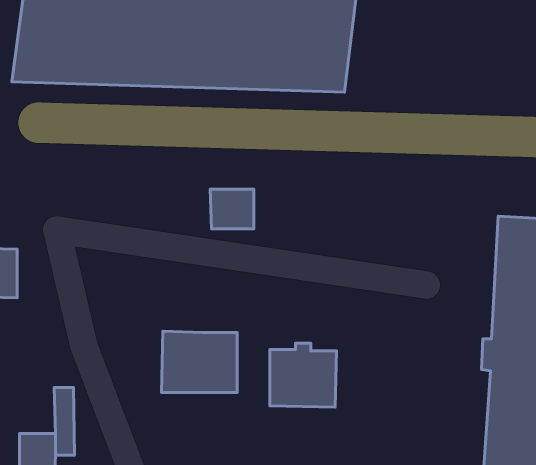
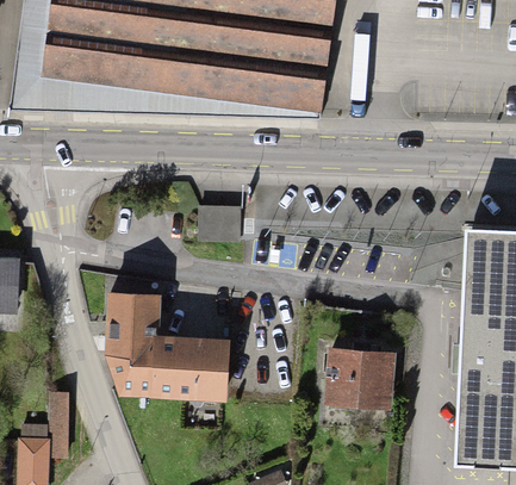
building: none -> [106,288,154,397]
building: [270,343,336,407] -> [330,343,392,403]

